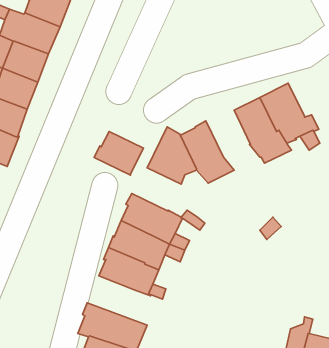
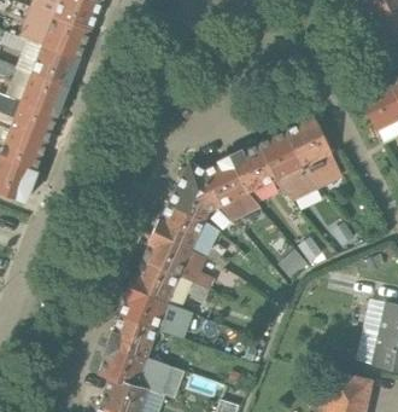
building: none -> [232,145,277,193]
building: [94,132,143,175] -> [156,204,206,249]
building: none -> [110,315,158,358]

